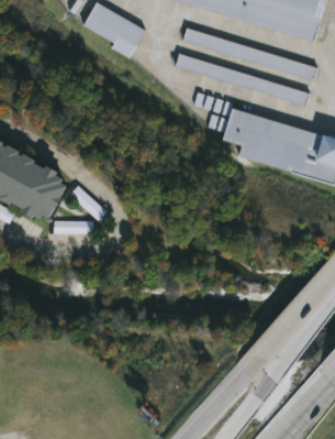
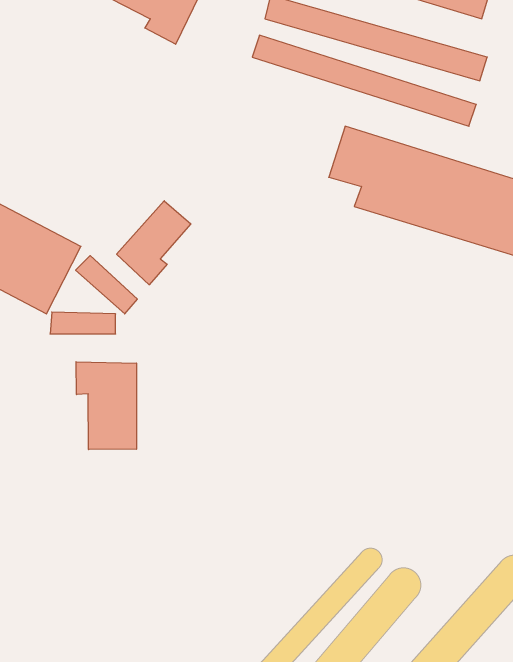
building: none -> [117,201,191,285]
building: none -> [76,362,136,450]

